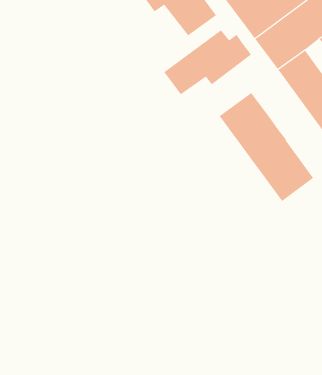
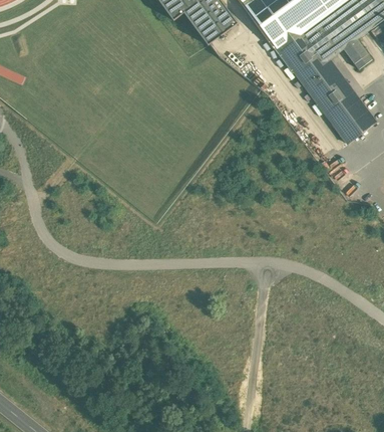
building: [163,30,252,95] -> none
building: [219,92,314,202] -> none

